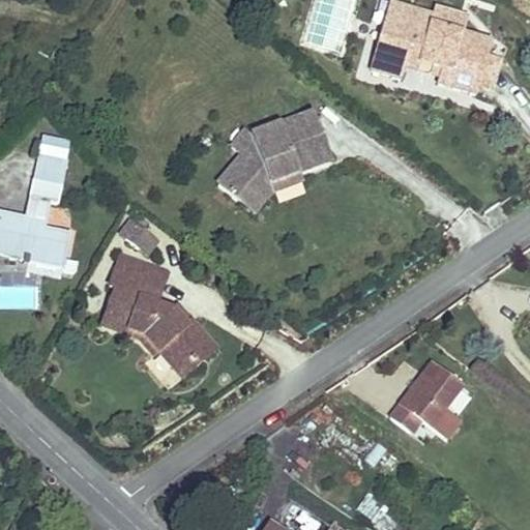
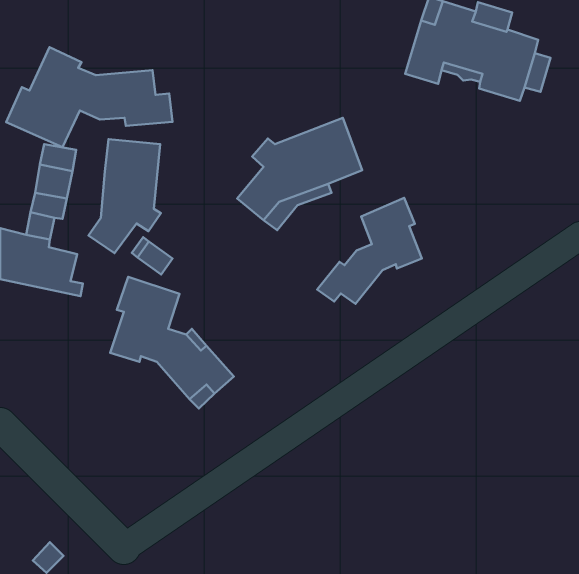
building: none -> [6,47,172,147]
building: none -> [88,139,161,253]
building: none -> [317,198,422,304]
building: [390,358,464,438] -> none

